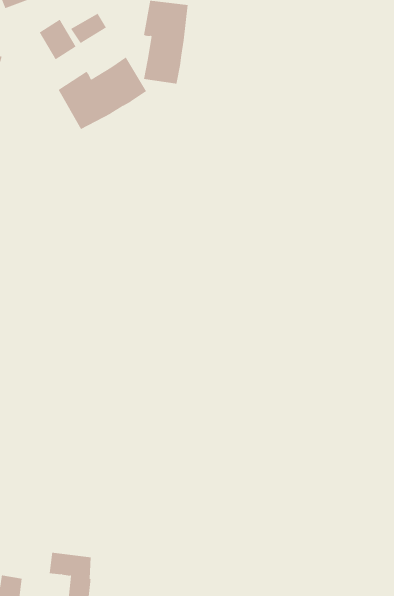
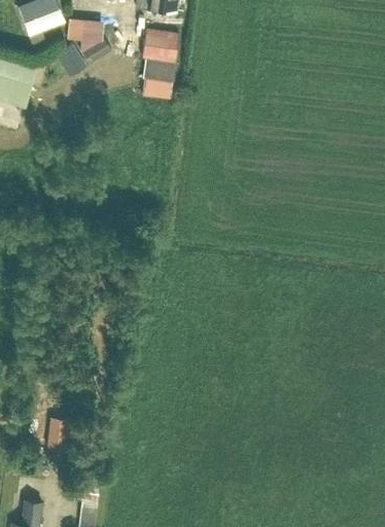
building: [58,56,147,130] -> none
building: none -> [46,416,69,448]

